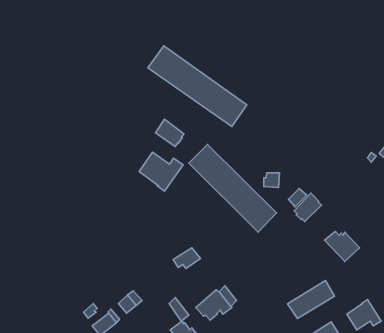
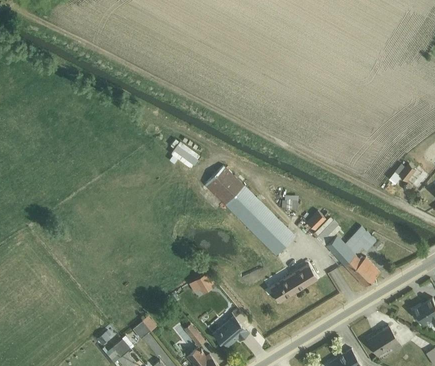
building: [148,46,247,126] -> none
building: [139,152,183,191] -> none
building: none -> [326,226,375,264]
building: [288,280,334,318] -> [268,263,316,302]

